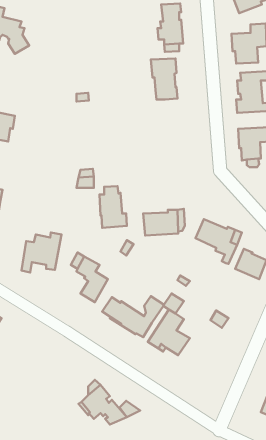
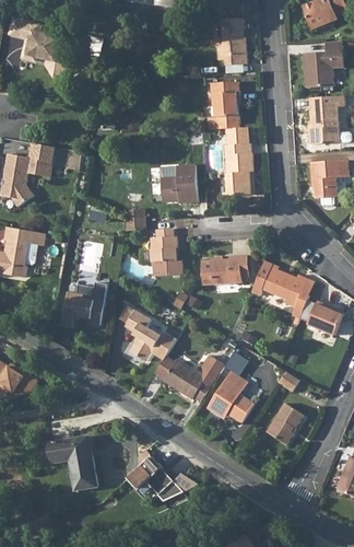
building: none -> [224,131,252,195]
building: none -> [160,164,197,207]
building: none -> [264,403,302,444]
building: none -> [47,435,96,489]

